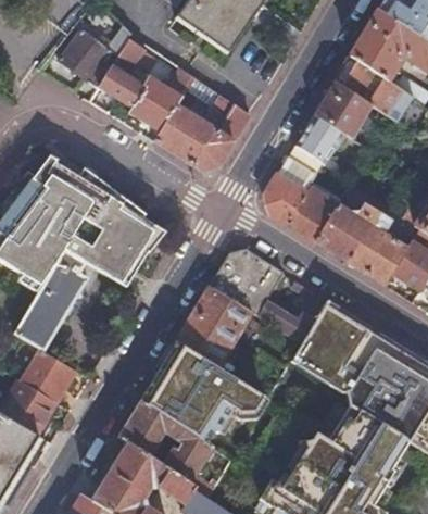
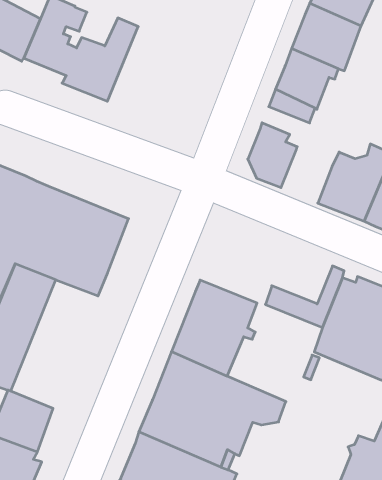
building: [153,93,251,171] -> none
building: [287,196,330,241] -> none
building: [210,249,284,315] -> none

